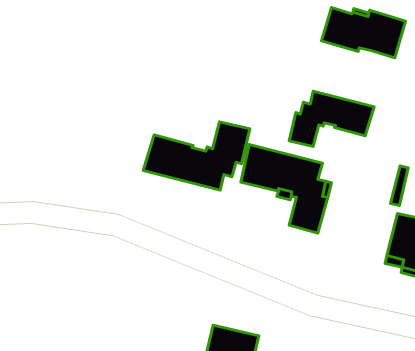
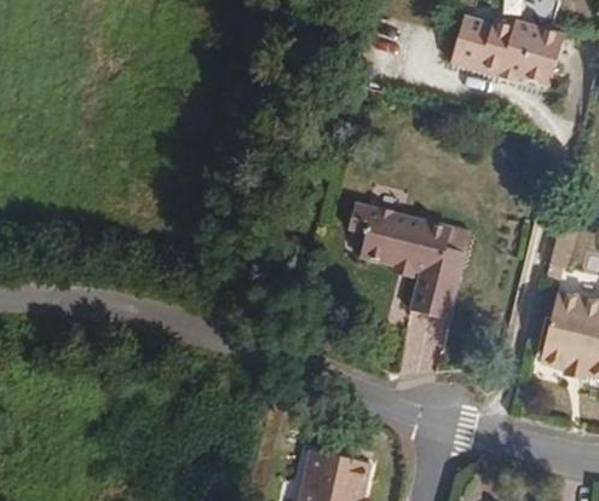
building: [289,91,374,147] -> none
building: [143,122,250,190] -> none

